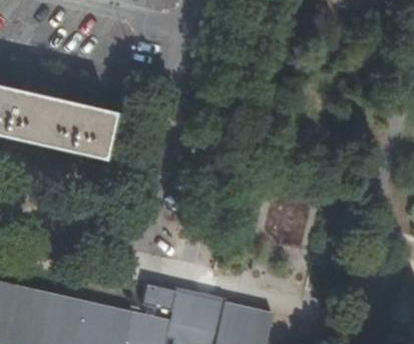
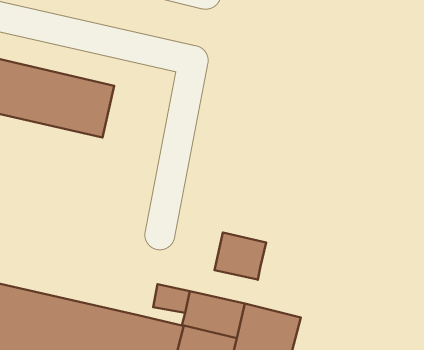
building: none -> [214,233,266,280]

